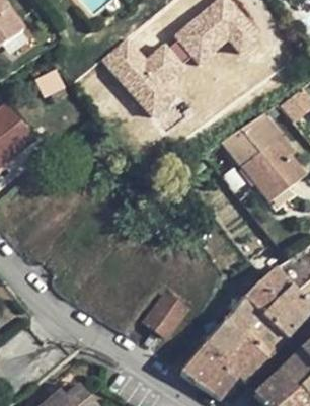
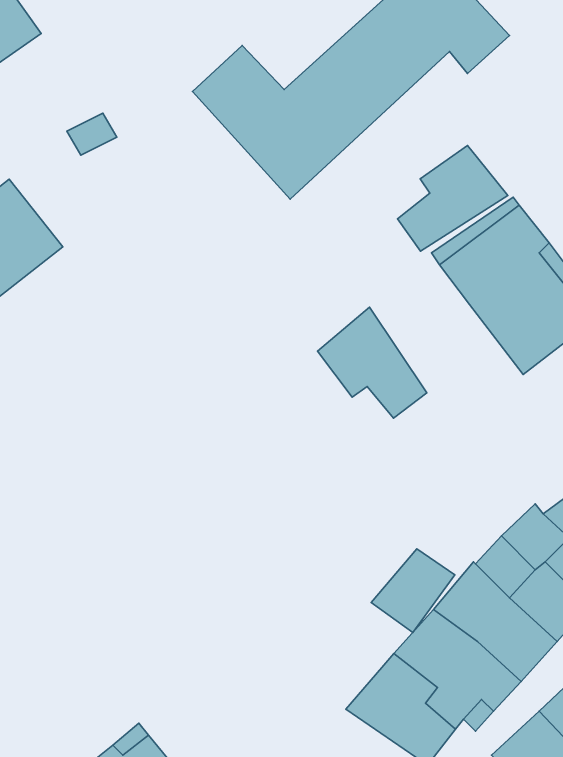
building: none -> [397,145,508,251]
building: none -> [318,307,427,418]
building: [144,293,186,335] -> [371,549,455,632]

